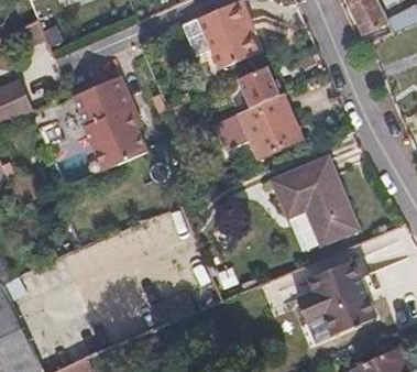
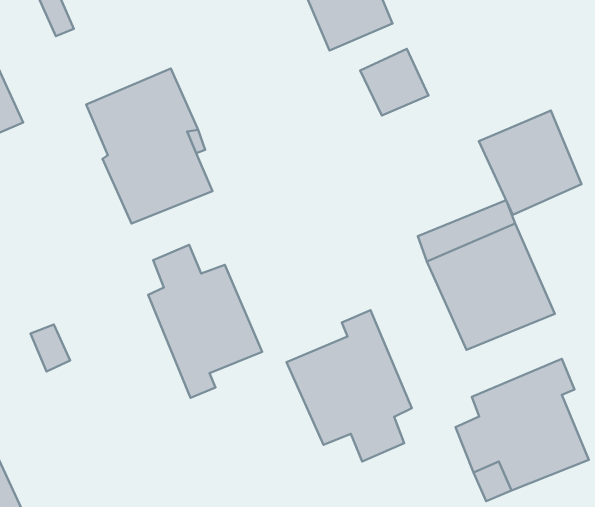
building: [238,92,300,156] -> [479,110,581,215]
building: none -> [148,245,262,398]
building: none -> [287,310,412,461]

